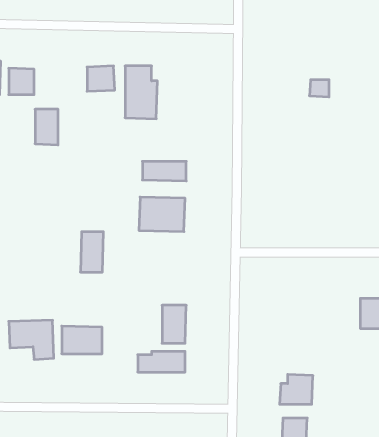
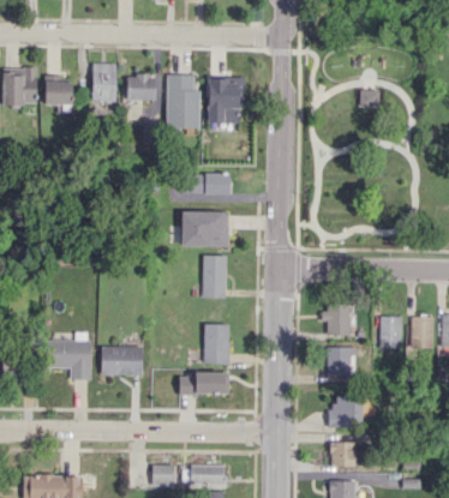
building: none -> [208,78,244,124]
building: [35,109,58,145] -> [92,64,116,101]
building: [80,232,103,272] -> [203,256,227,298]
building: none -> [322,306,352,336]
building: none -> [381,316,402,348]
building: none -> [328,347,352,376]

